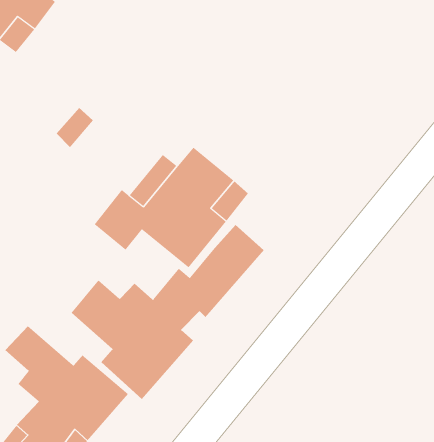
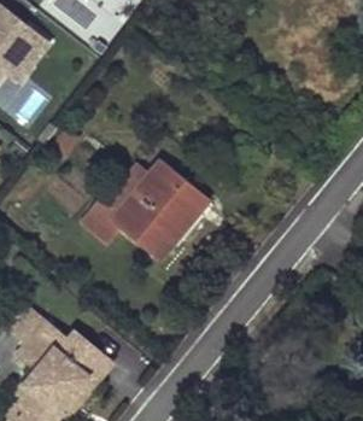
building: [71,224,264,400] -> none

